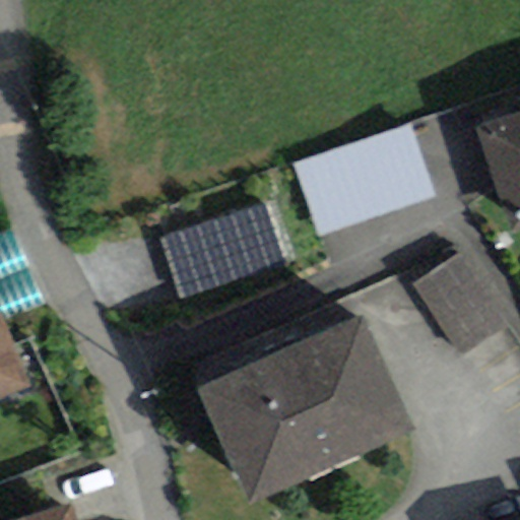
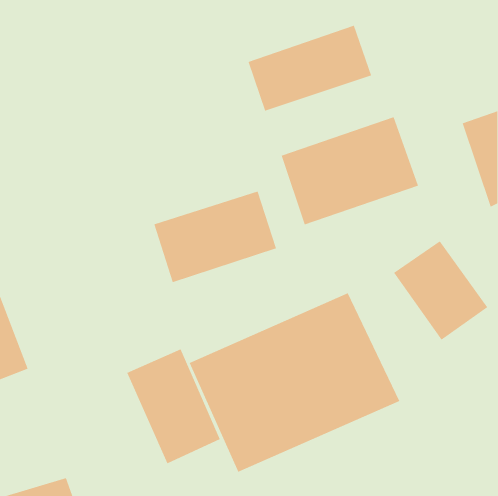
building: none -> [248,25,372,112]
building: none -> [127,349,220,464]

